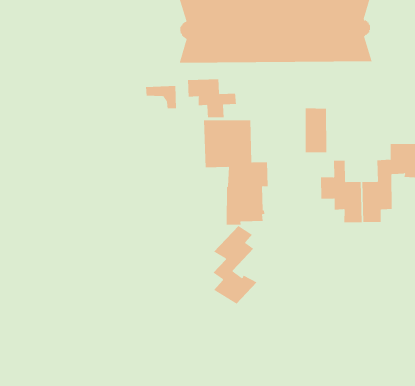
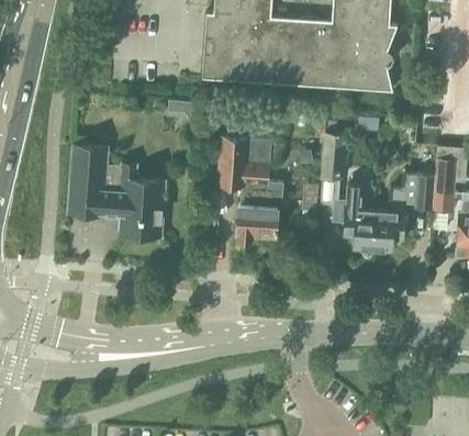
building: [188,79,236,118] -> none
building: none -> [69,146,166,238]
building: [213,225,257,305] -> none

